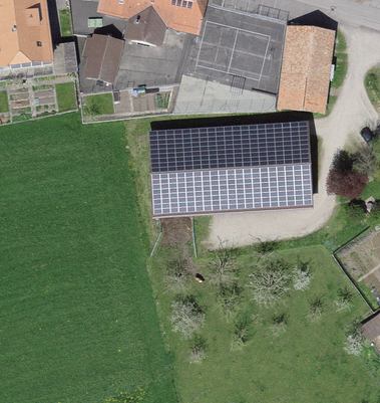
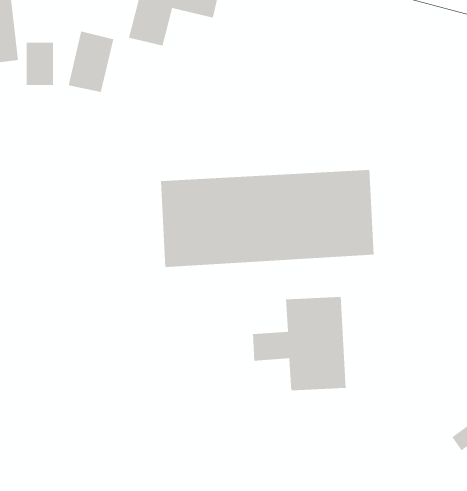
building: [278,26,332,107] -> none
building: none -> [252,296,346,391]

